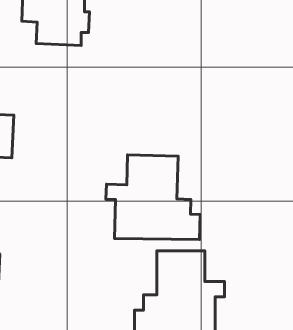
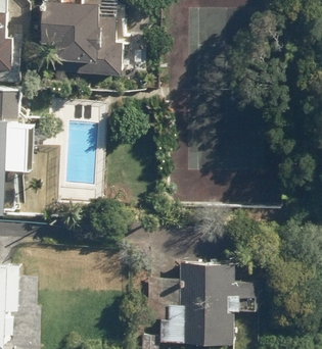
building: [106,155,200,240] -> none

